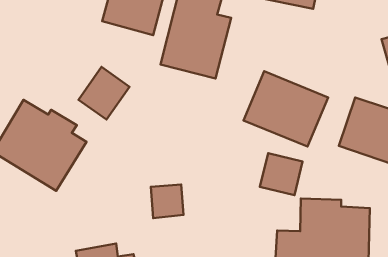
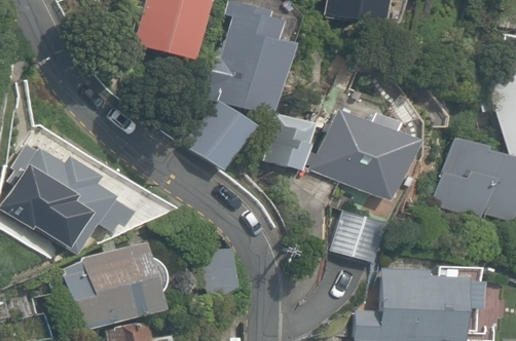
building: [78,67,129,119] -> [191,107,255,173]
building: none -> [266,112,316,168]
building: none -> [60,241,168,332]

